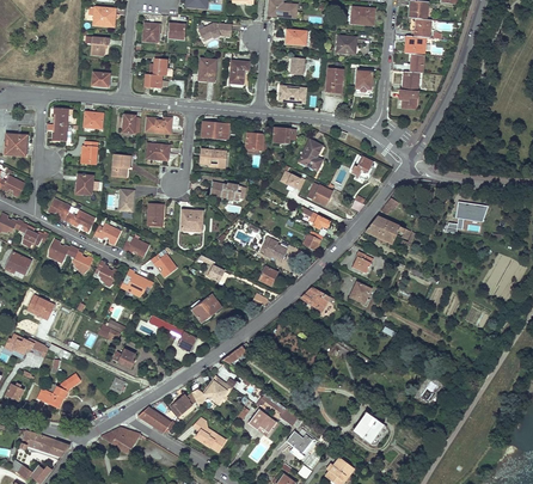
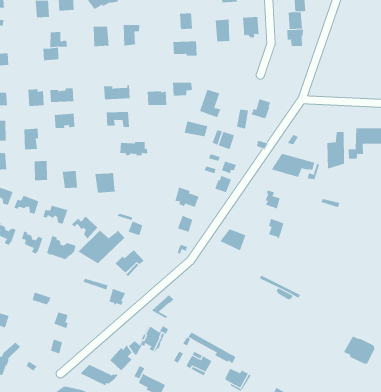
building: none -> [327,131,345,170]
building: none -> [77,230,125,264]
building: [351,412,385,443] -> [343,336,375,364]

